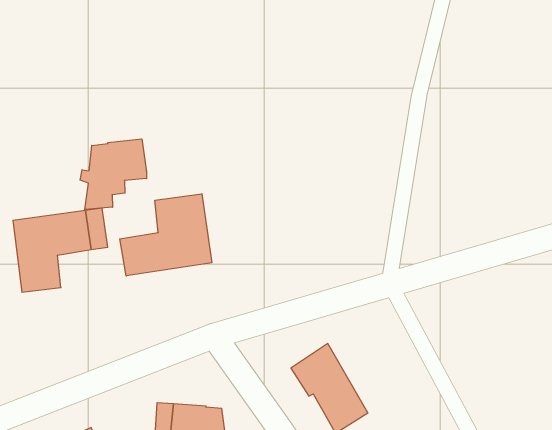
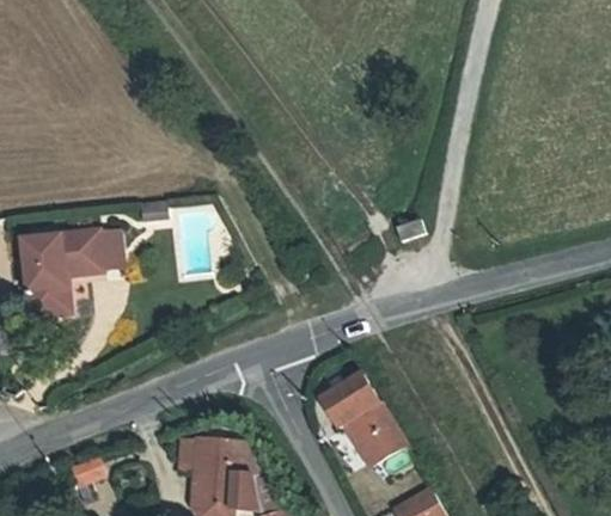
building: [80,139,147,210] -> none
building: [120,194,212,276] -> none

